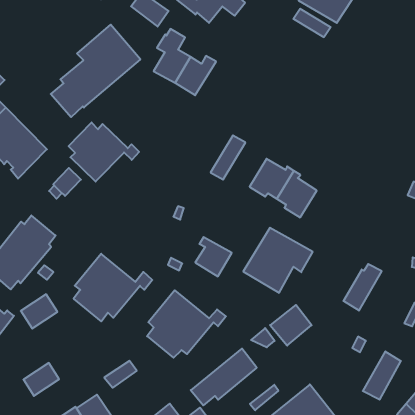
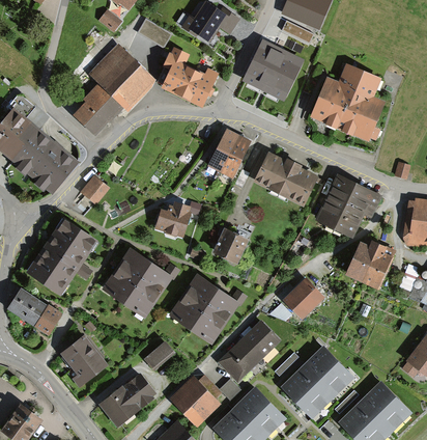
building: none -> [246,42,303,94]
building: none -> [312,67,382,138]
building: [69,122,139,182] -> none
building: none -> [209,132,237,171]
building: none -> [156,203,189,235]
building: [243,228,313,293] -> [318,178,377,235]
building: [21,294,57,329] -> [62,336,94,367]
building: [363,351,401,400] -> [362,244,393,286]

